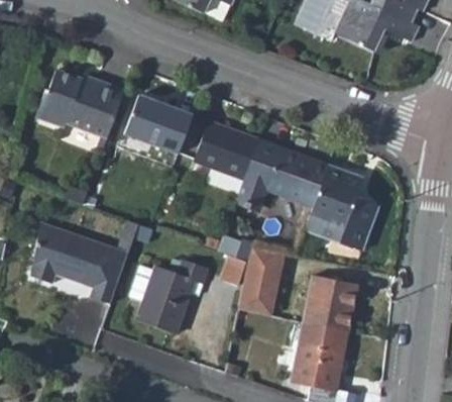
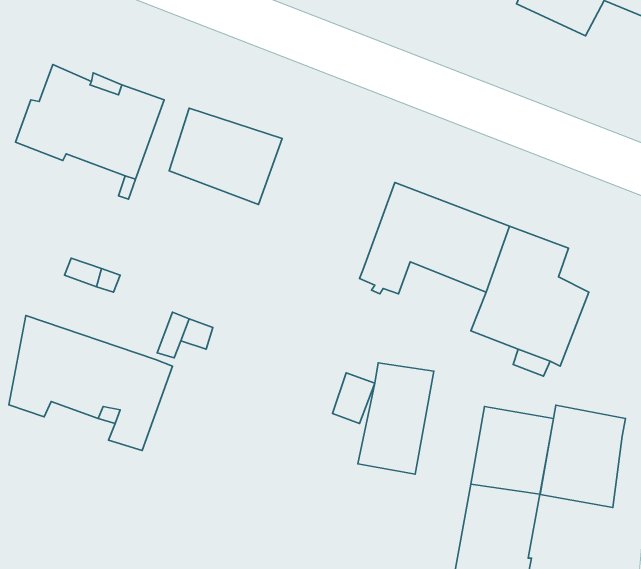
building: [195,121,260,193] -> none
building: [128,260,207,334] -> none
building: none -> [540,405,626,507]

